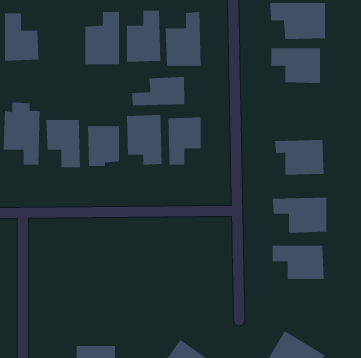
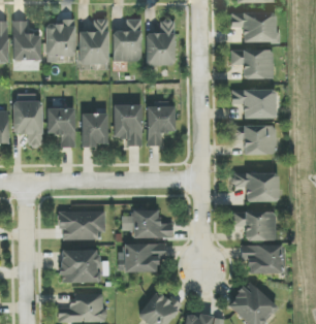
building: none -> [45,21,74,61]
building: [131,76,185,106] -> none
building: none -> [231,88,276,118]
building: none -> [121,207,172,237]
building: none -> [60,210,104,239]
building: none -> [124,242,165,271]
building: none -> [243,244,281,272]
building: none -> [60,249,99,282]

